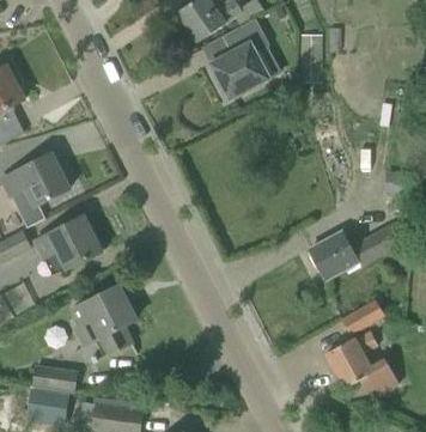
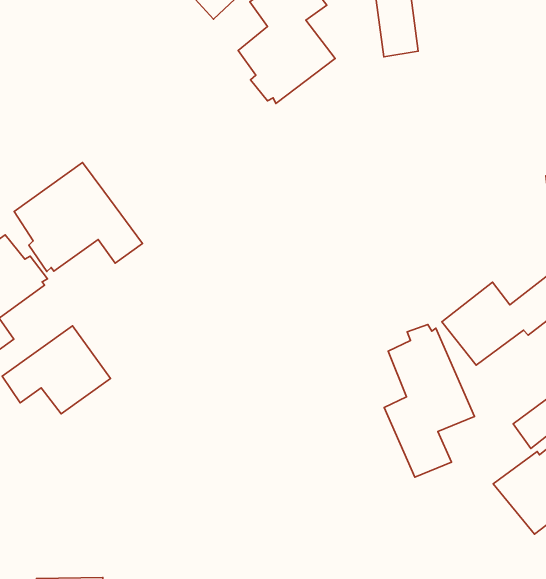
building: none -> [14,163,142,272]
building: none -> [384,324,474,477]
building: [72,285,135,361] -> none

